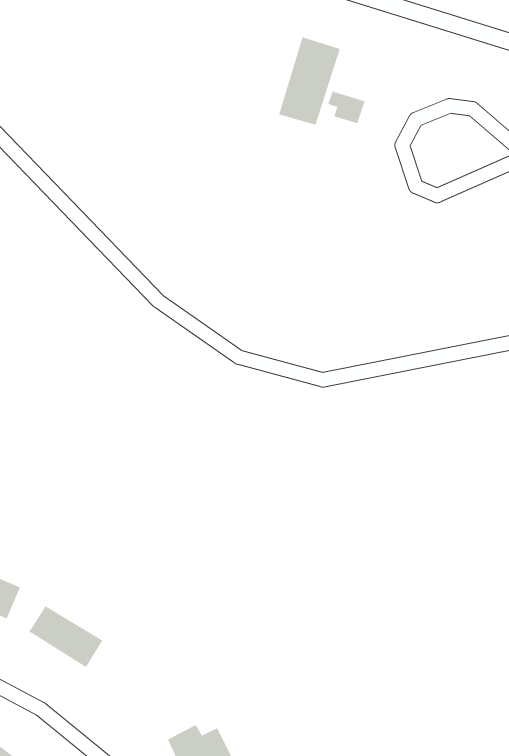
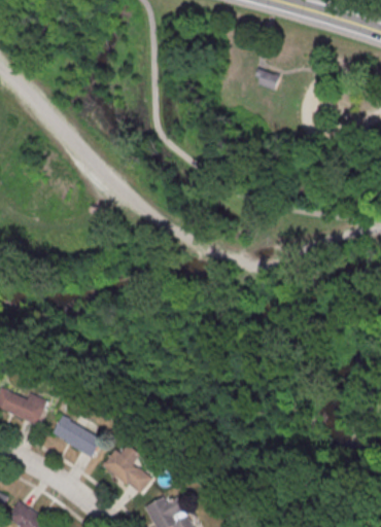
building: [279,36,341,125] -> none
building: none -> [103,447,152,495]

